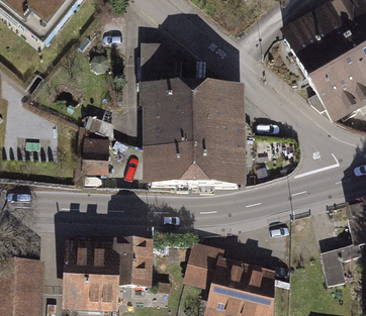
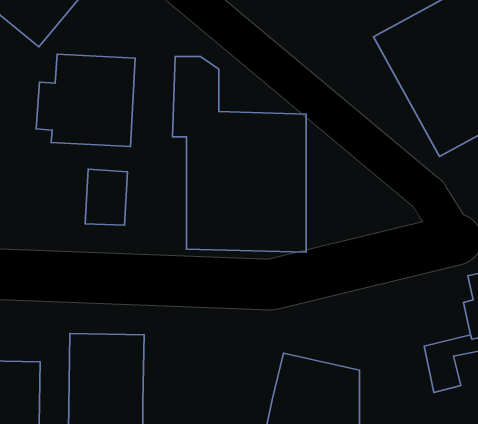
building: none -> [36,54,135,147]
building: [117,239,153,290] -> none
building: [183,240,220,289] -> none

